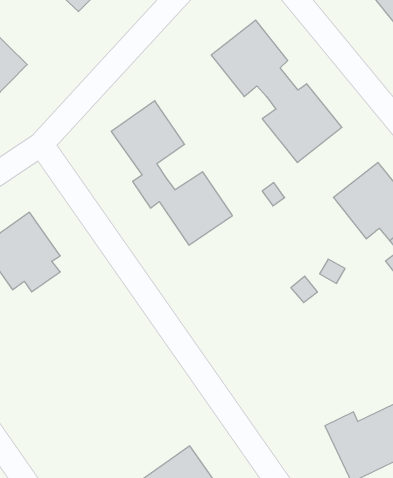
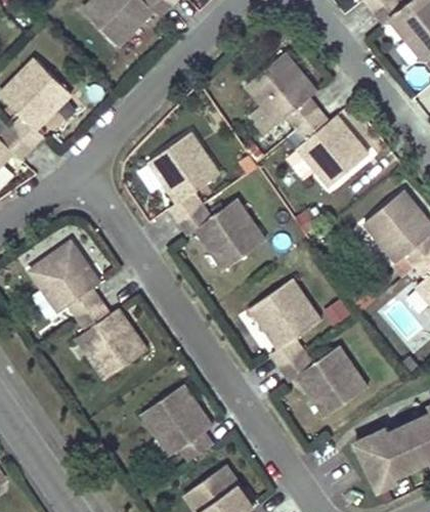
building: none -> [253,279,370,418]
building: none -> [73,295,147,380]
building: none -> [136,384,212,460]

